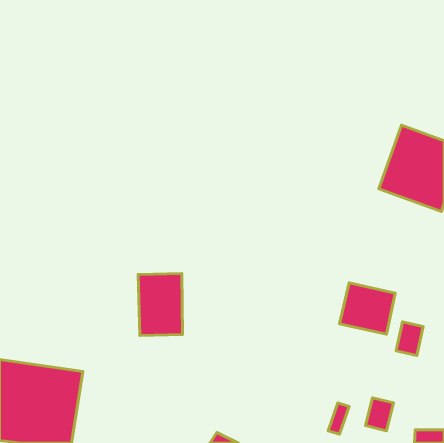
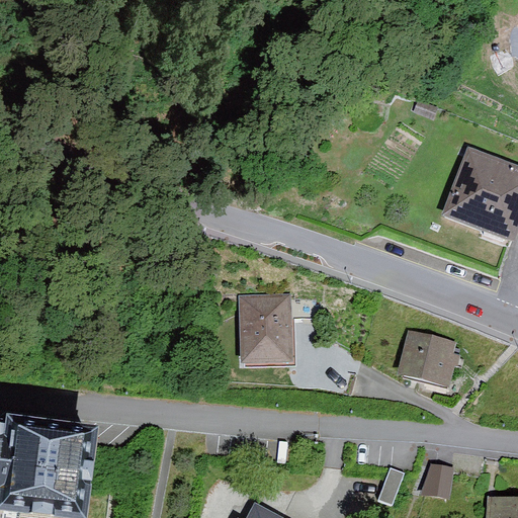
building: [138,274,183,335] -> [239,295,290,367]
building: [396,322,423,355] -> none

